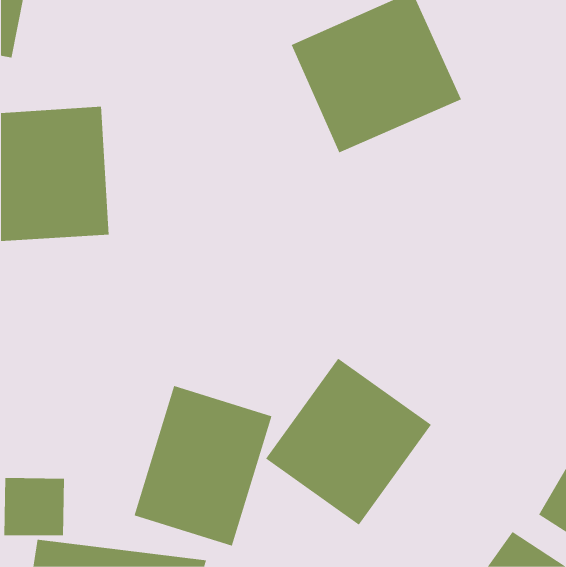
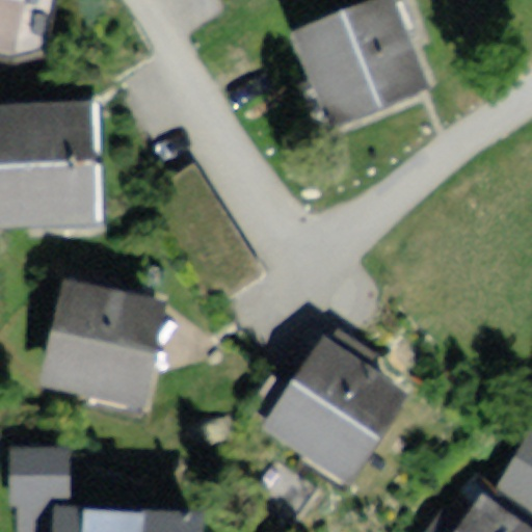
building: none -> [36,283,165,411]
building: [134,385,272,547] -> none

